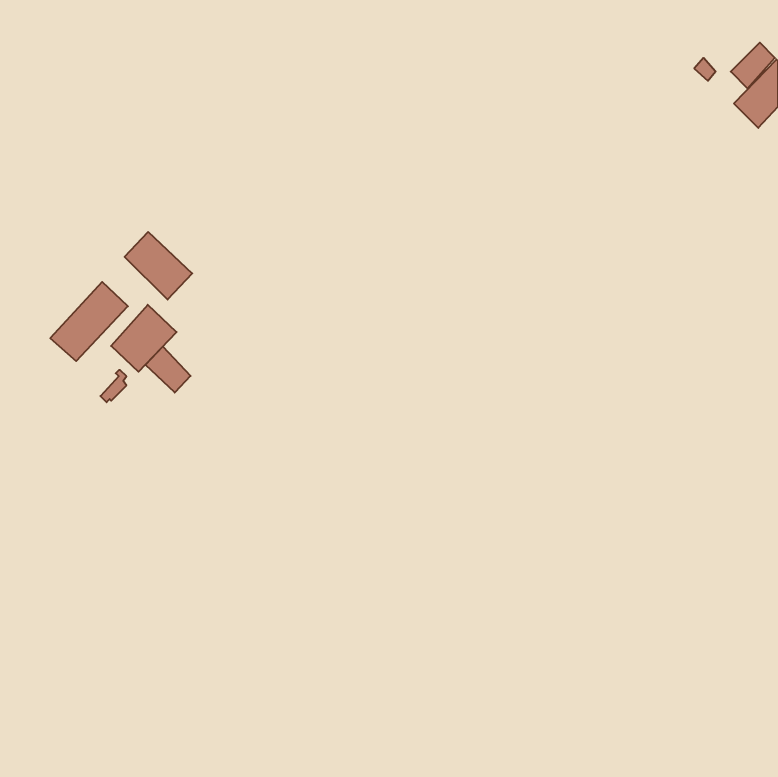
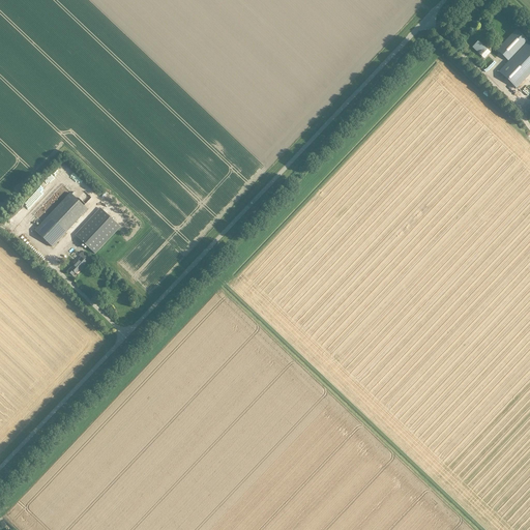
building: [125,232,192,300] -> none
building: [145,346,191,393] -> none

